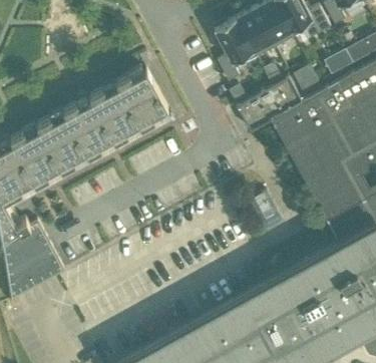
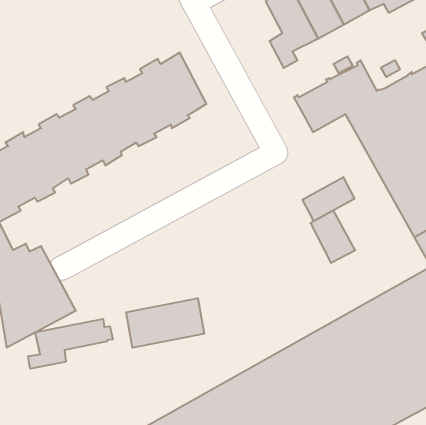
building: none -> [302,177,355,221]
building: none -> [126,298,204,348]
building: none -> [28,319,113,369]

